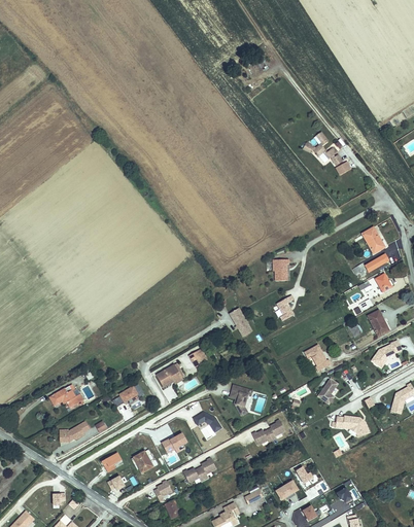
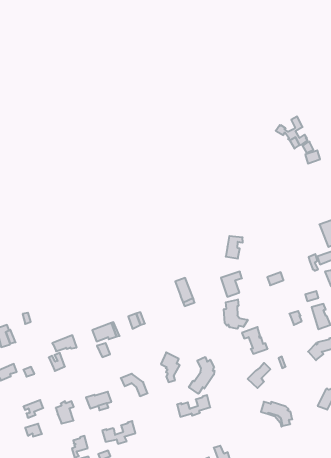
building: none -> [224,299,248,329]
building: none -> [189,357,214,394]

